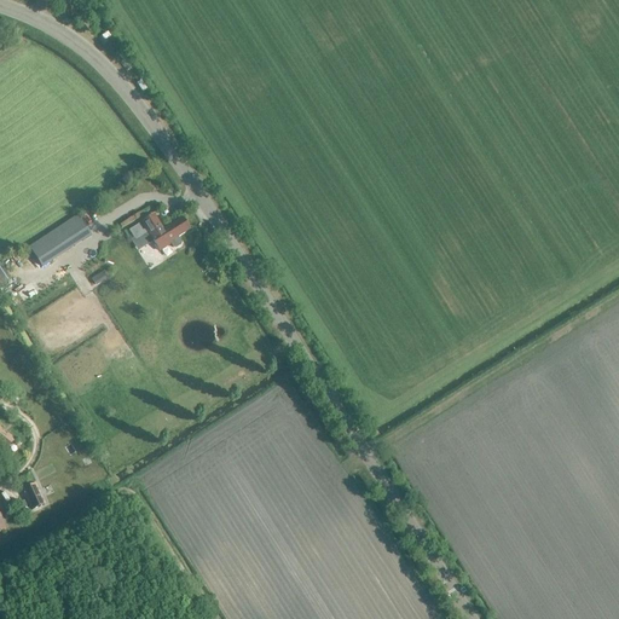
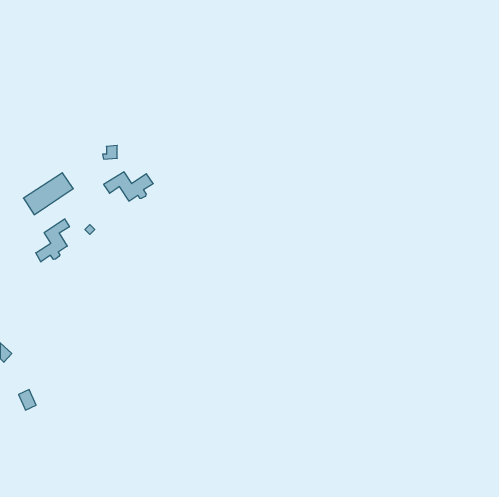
building: none -> [36,219,69,262]

